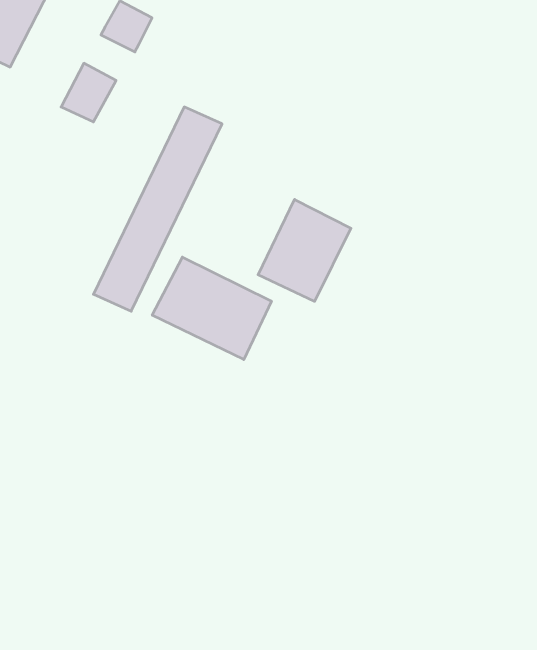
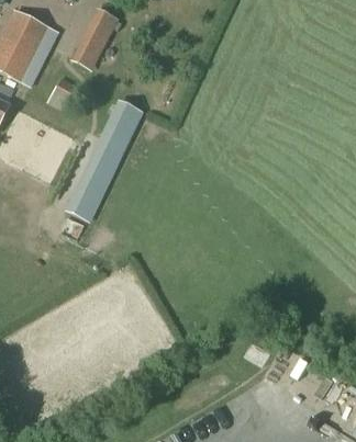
building: [258,199,351,301] -> none
building: [152,257,271,360] -> none

